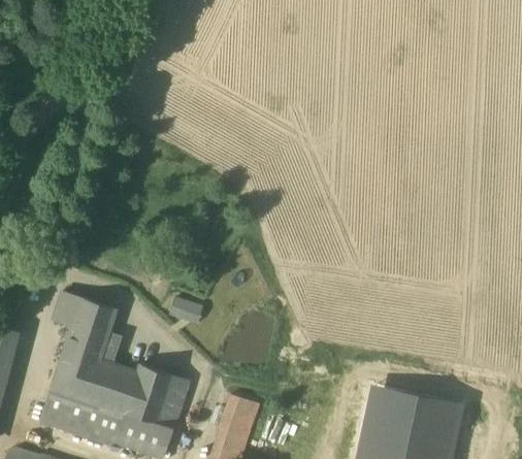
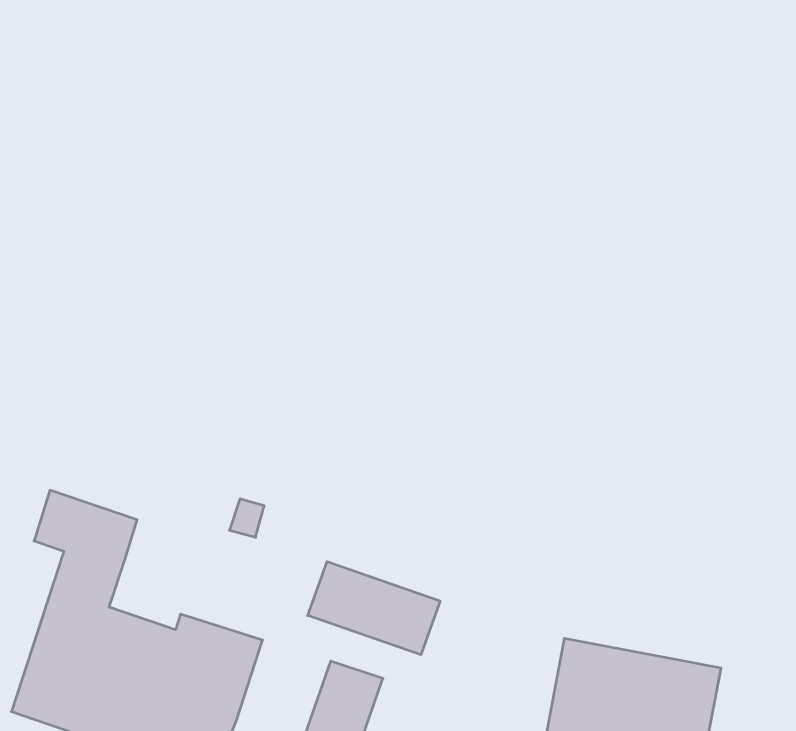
building: none -> [308,562,440,655]

